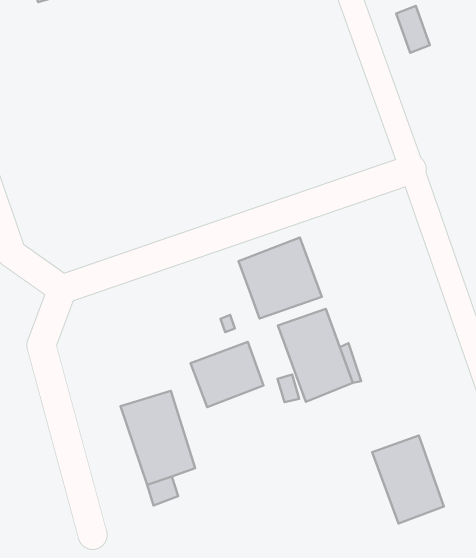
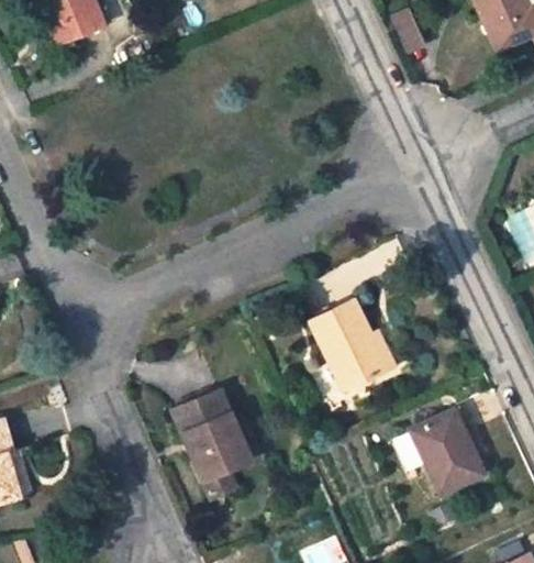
building: [238,238,322,318] -> none
building: [190,342,264,407] -> none

